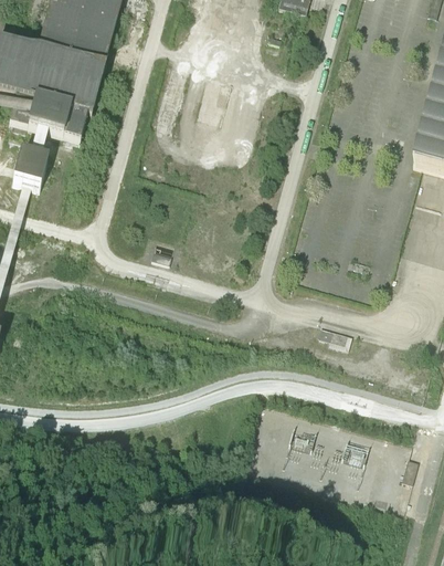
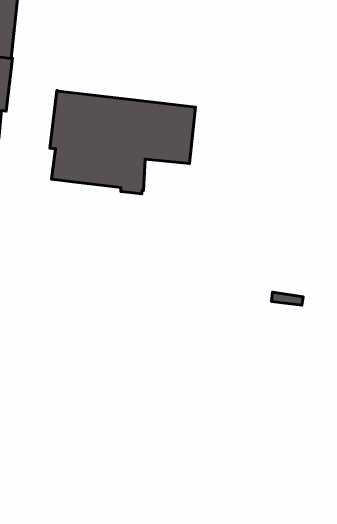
building: none -> [50,91,196,194]

